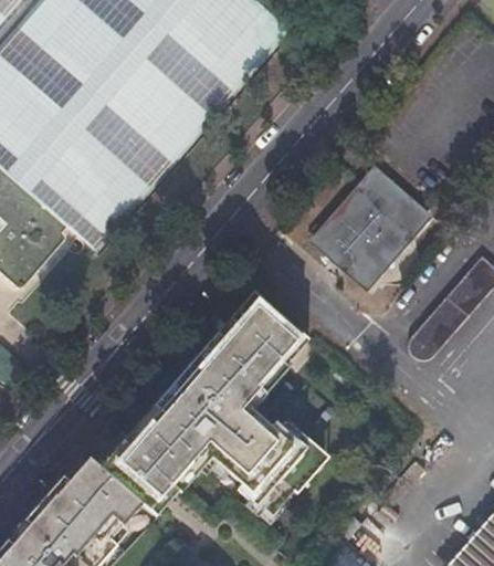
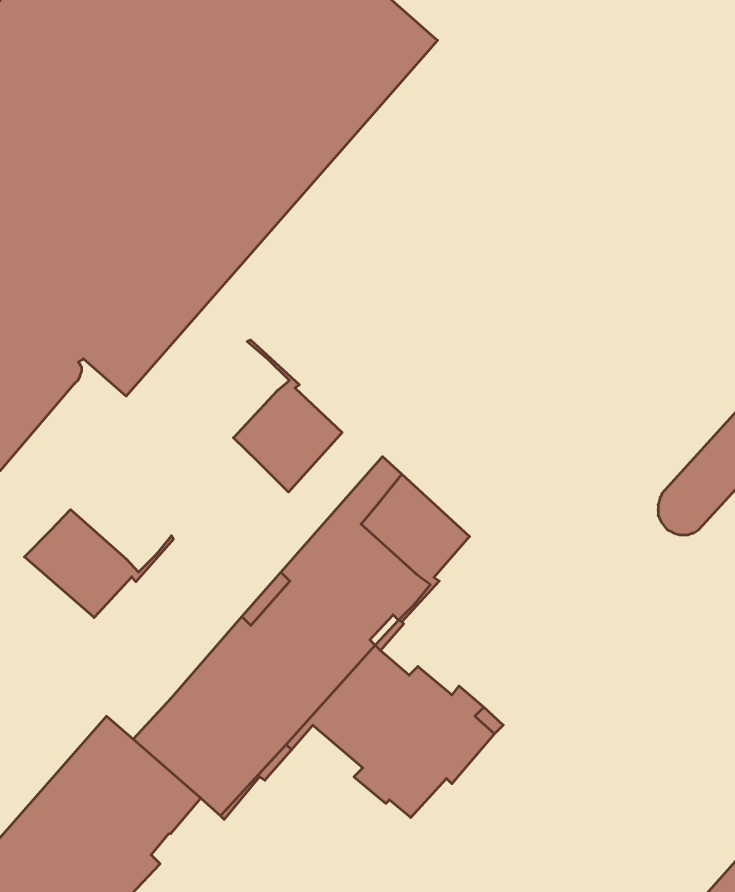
building: [312,170,428,284] -> none
building: none -> [233,340,342,492]
building: none -> [24,510,173,618]

